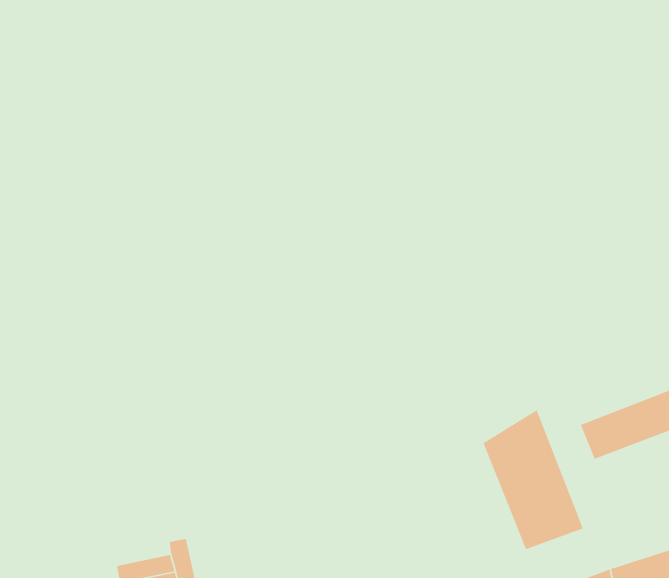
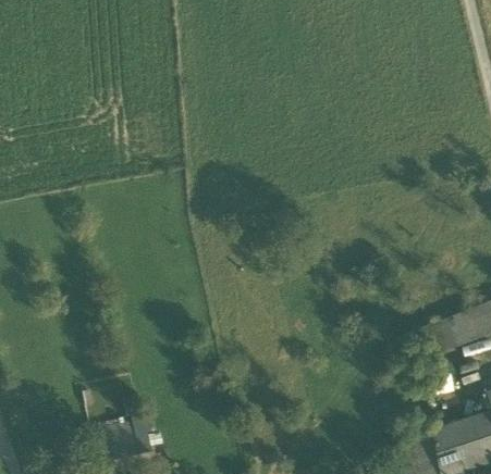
building: [482,409,584,550] -> none

